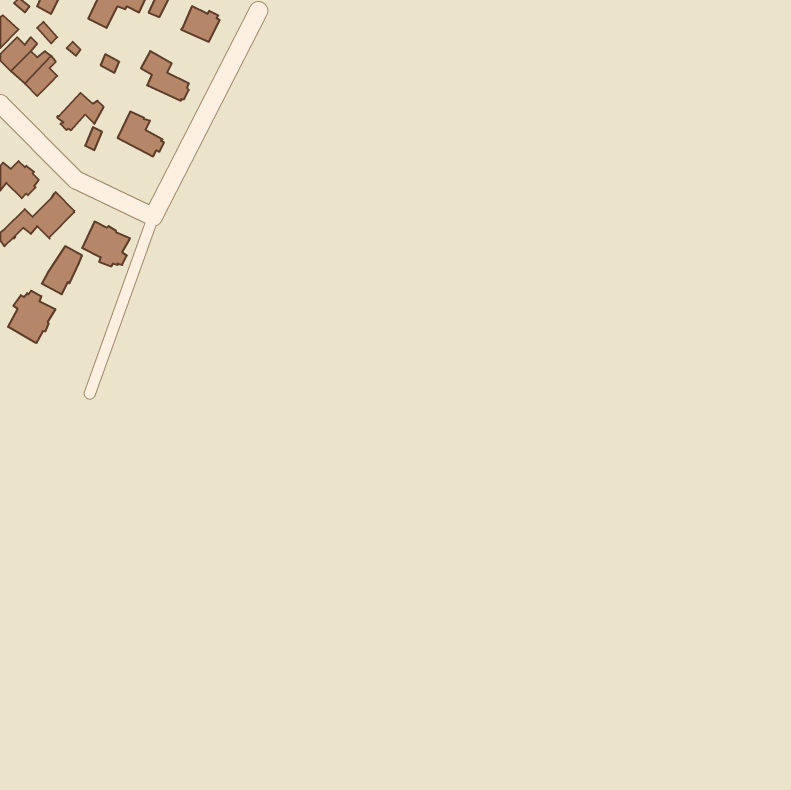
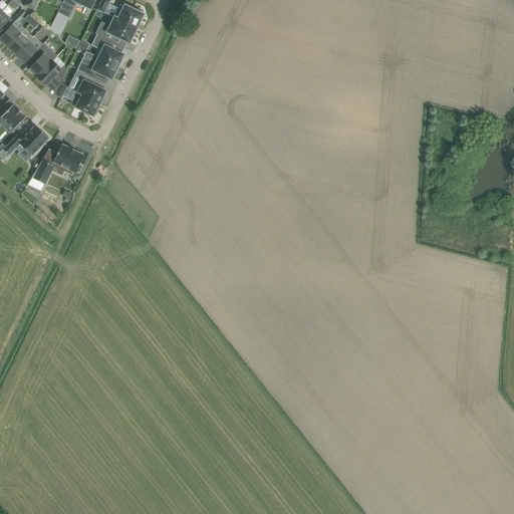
building: none -> [96,16,137,42]
building: none -> [29,43,56,75]
building: none -> [77,55,117,78]
building: none -> [72,89,99,115]
building: [8,291,55,343] -> none

